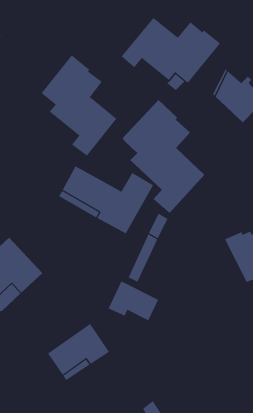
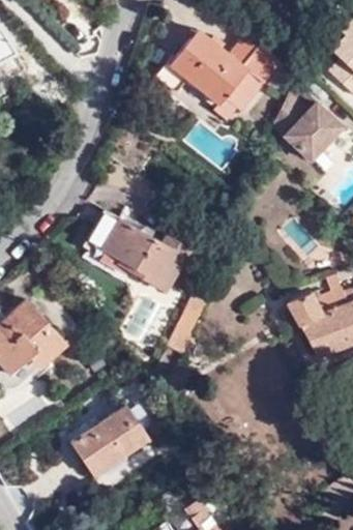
building: [41,54,117,157] -> none
building: [122,99,205,214] -> none
building: [108,281,159,321] -> none

